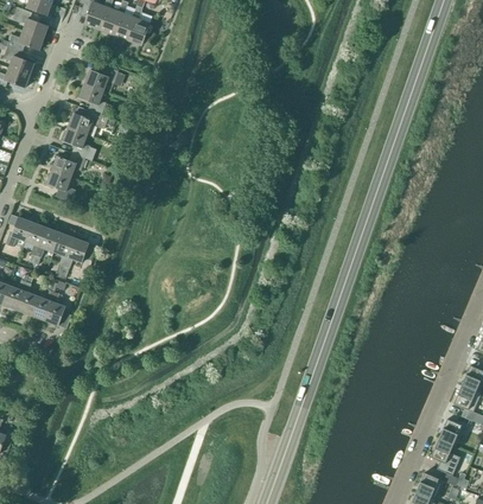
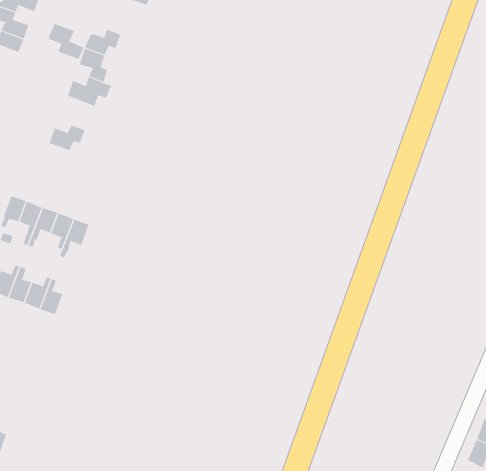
building: [62,127,95,160] -> [47,23,84,60]
building: [45,170,75,202] -> none

